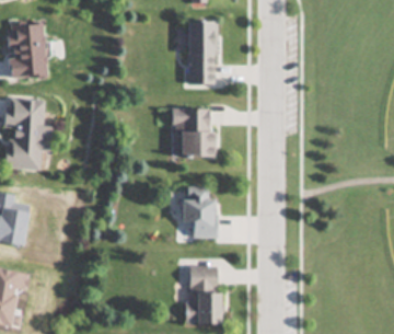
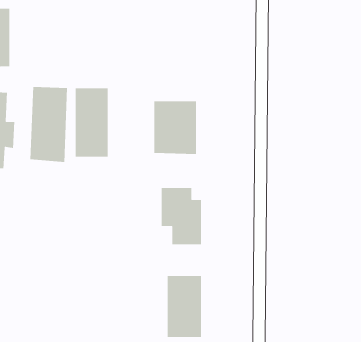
building: [188,21,219,84] -> [75,88,108,157]
building: none -> [30,86,68,163]

